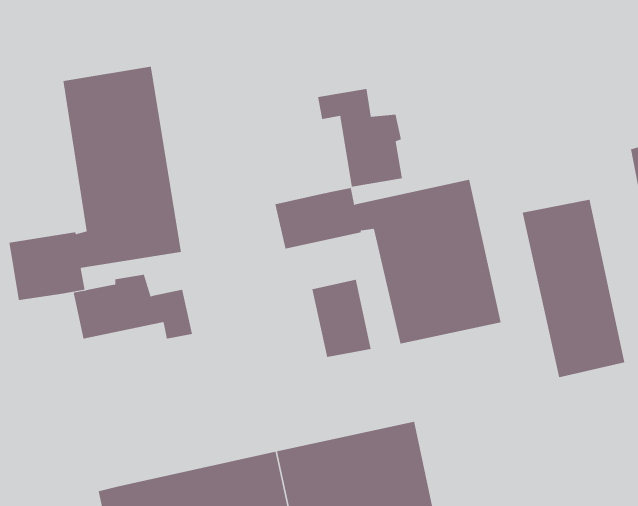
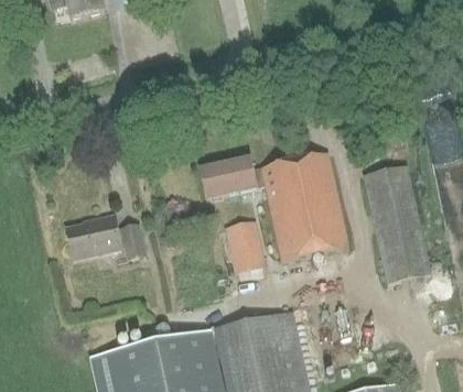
building: [9,66,181,301] -> none
building: [317,88,403,188] -> none

